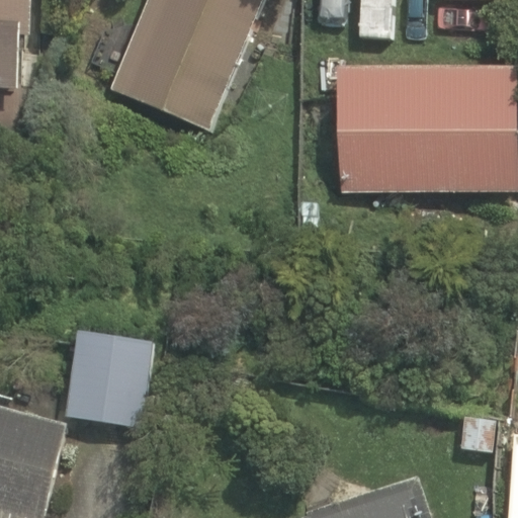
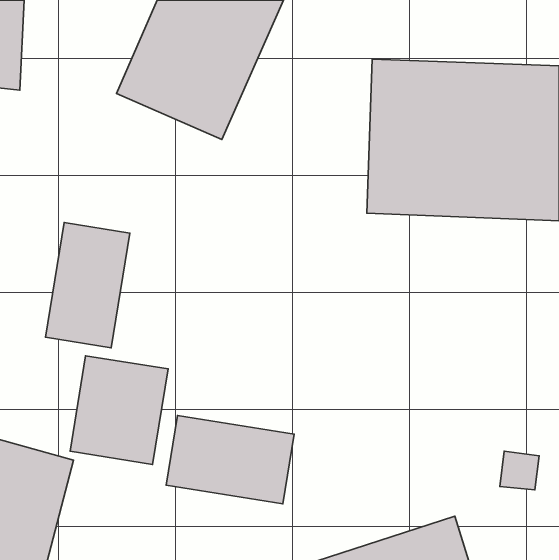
building: none -> [46,223,130,348]
building: none -> [166,416,294,504]

